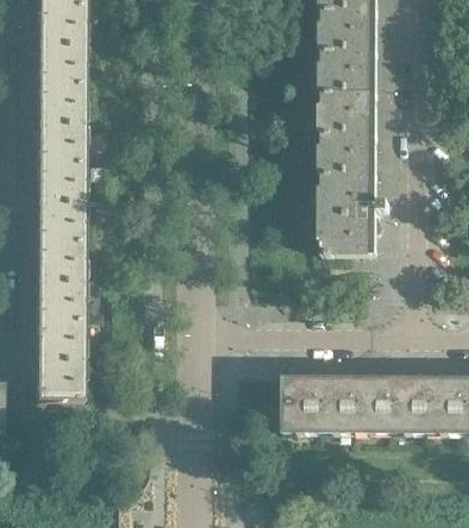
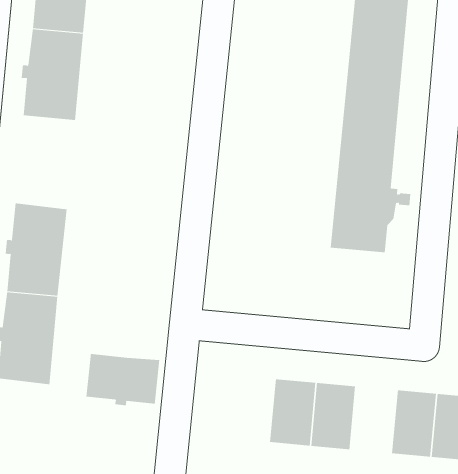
building: [33,162,86,241] -> none
building: none -> [86,353,160,406]
building: [357,376,394,433] -> none

